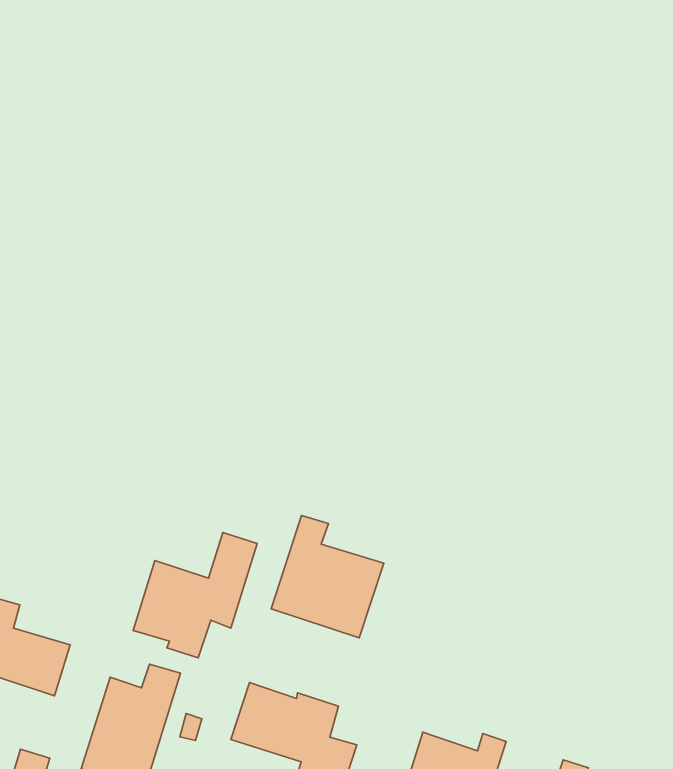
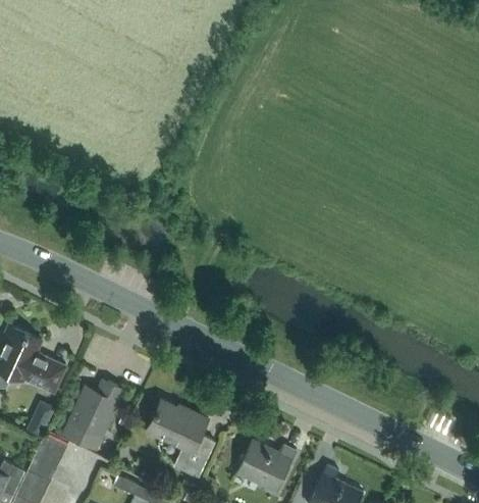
building: [271,515,384,638] -> none
building: [133,532,257,658] -> none

